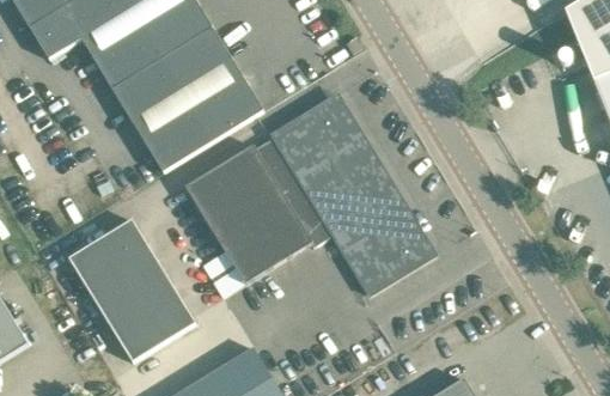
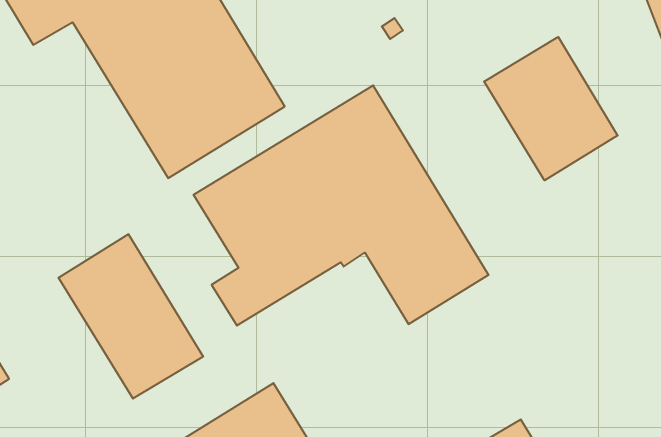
building: none -> [484,37,618,180]

